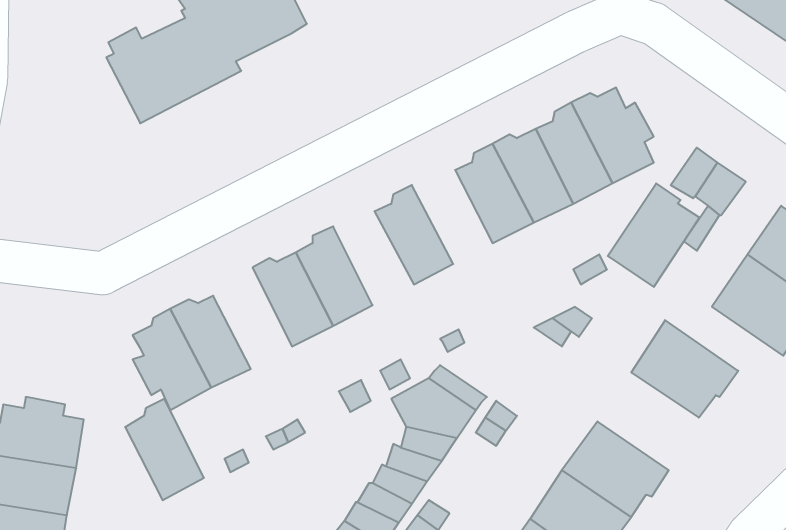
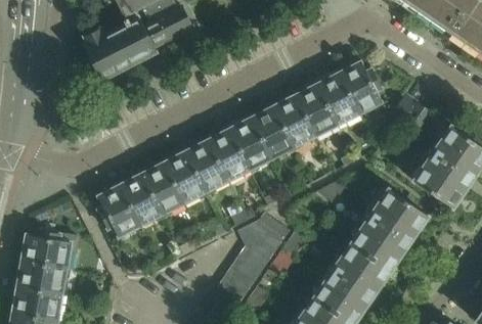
building: none -> [250,106,294,157]
building: [608,183,699,287] -> none
building: none -> [207,129,251,180]
building: none -> [351,217,406,270]
building: [125,399,204,500] -> [141,159,184,215]

